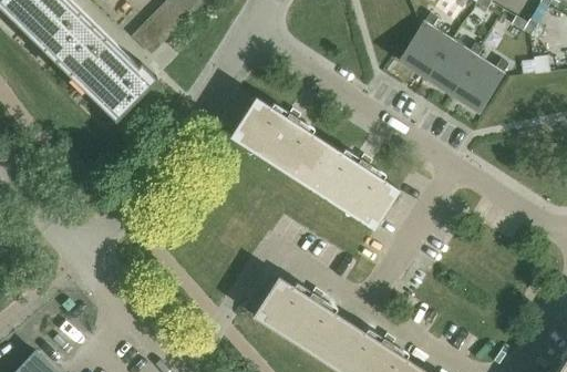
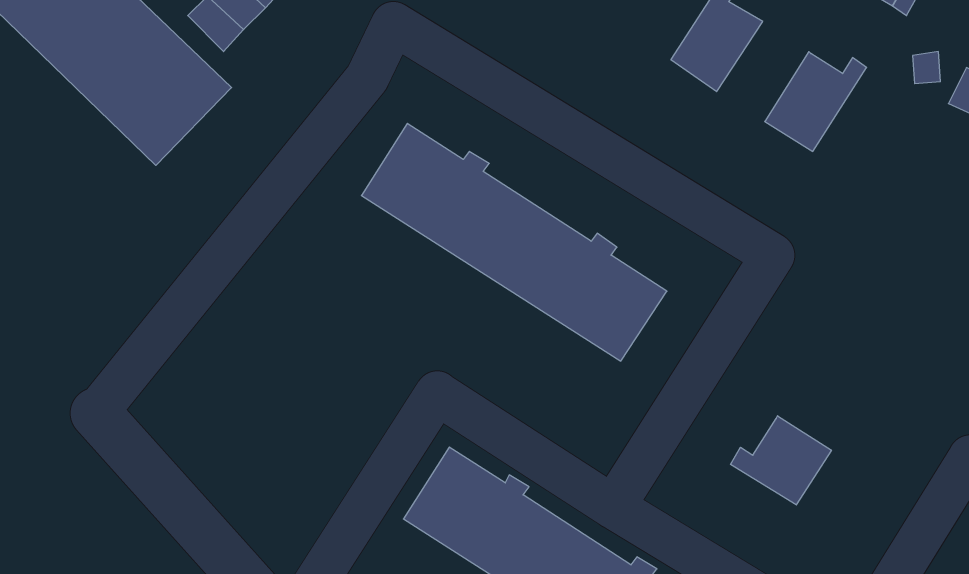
building: [425,40,483,95] -> none
building: none -> [731,416,831,505]

